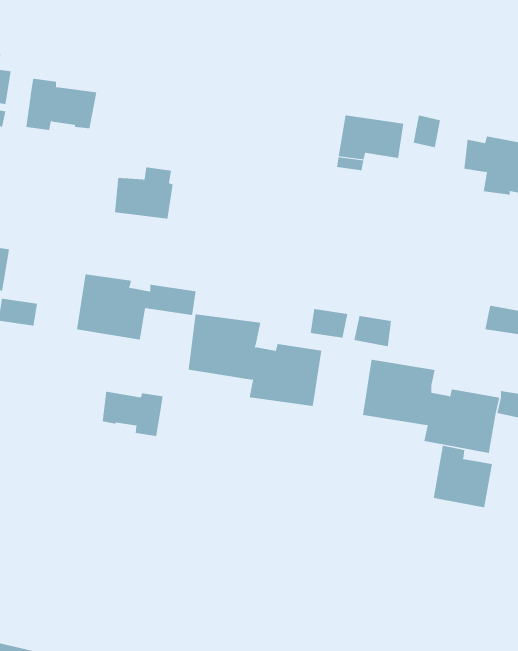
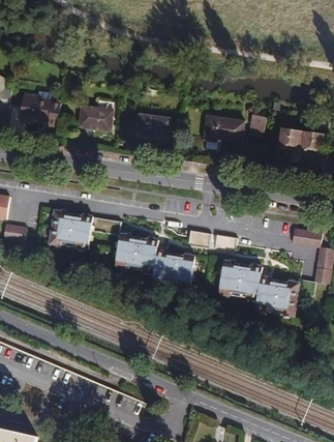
building: none -> [134,114,170,139]
building: [114,167,173,219] -> [79,99,114,130]
building: [102,391,163,437] -> none
building: [433,445,493,508] -> none

